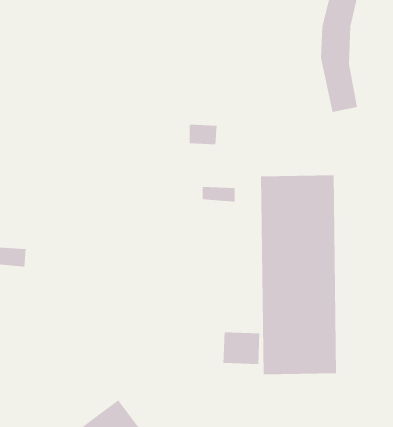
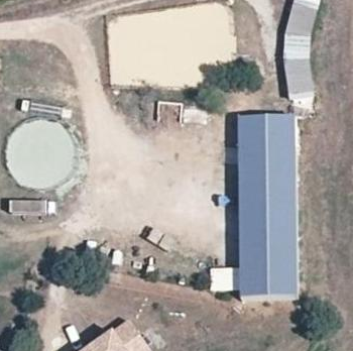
building: none -> [238,114,296,145]

